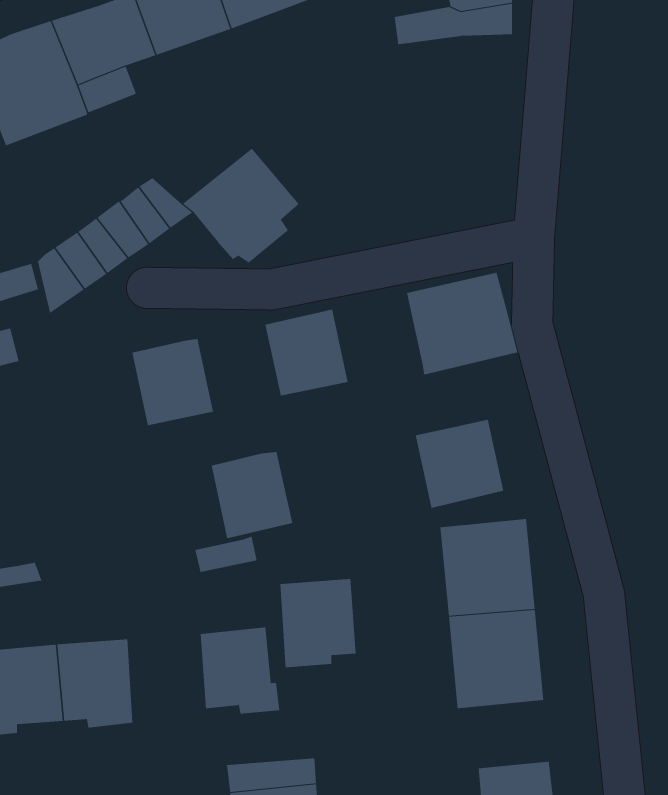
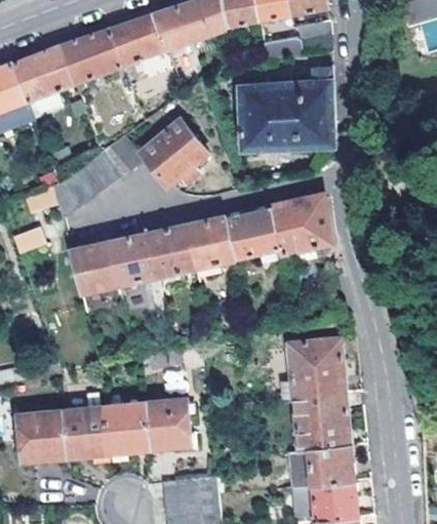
building: none -> [238,67,334,148]
building: none -> [67,240,117,292]
building: [415,419,504,508] -> [226,205,278,257]
building: [211,451,293,539] -> [147,224,195,275]
building: [280,579,357,668] -> [106,405,151,457]
building: none -> [287,444,353,486]

